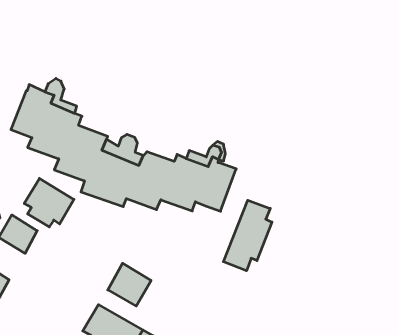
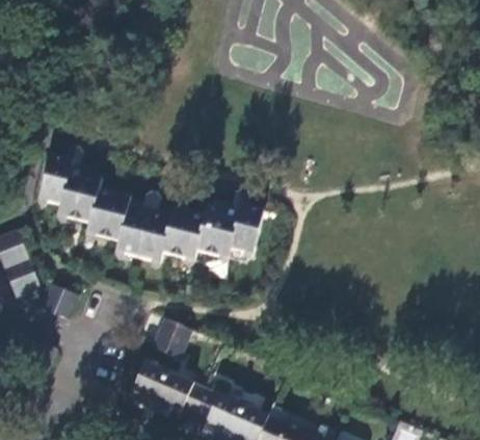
building: [24,178,74,227] -> none
building: [223,200,272,271] -> none

